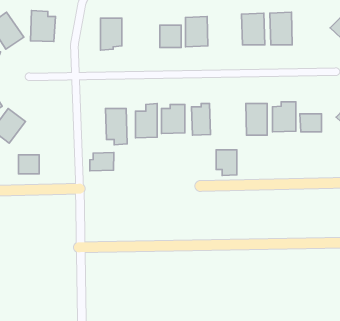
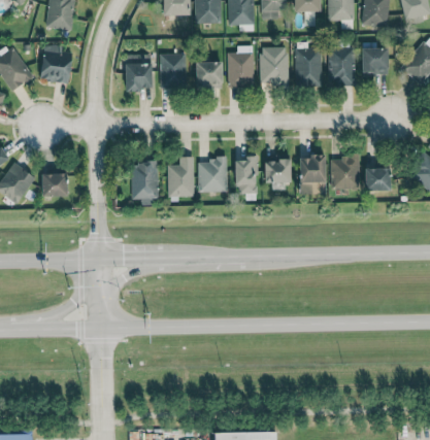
building: none -> [261,46,289,86]
building: none -> [362,47,388,72]
building: none -> [161,53,186,88]
building: [216,150,237,176] -> [265,159,290,190]
building: [90,153,114,171] -> none
building: [18,155,39,174] -> [42,173,67,196]

